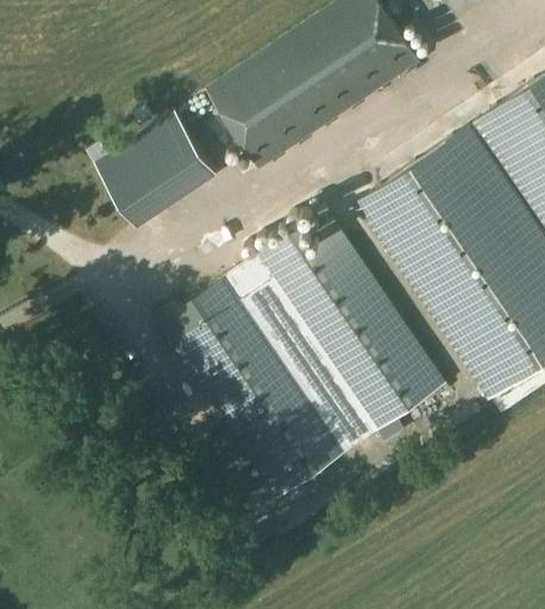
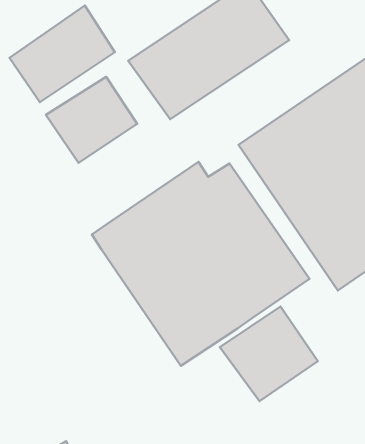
building: none -> [10,6,115,102]
building: none -> [220,307,318,401]

